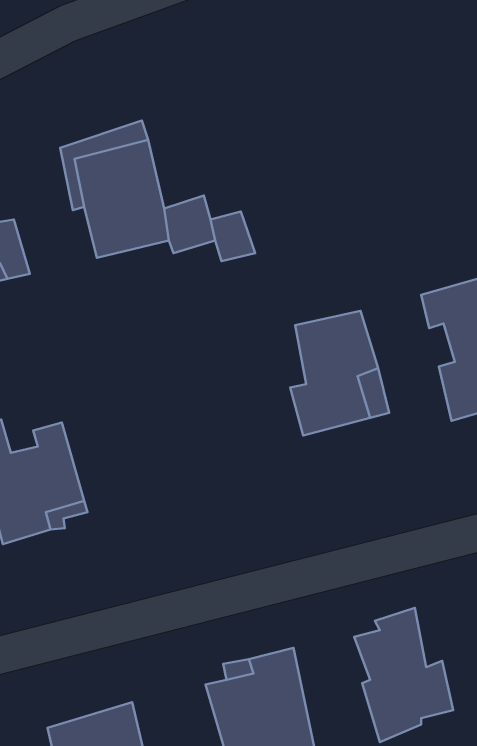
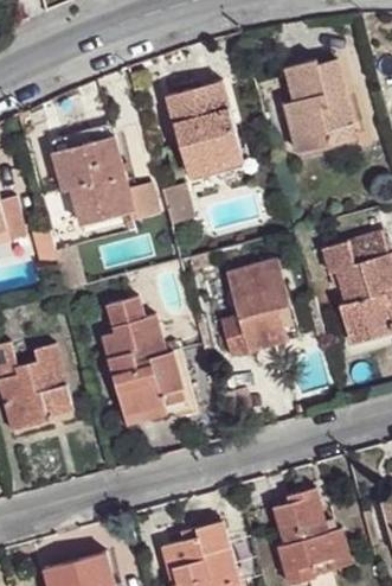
building: none -> [282,56,351,152]
building: none -> [169,79,245,173]
building: none -> [97,294,195,425]

